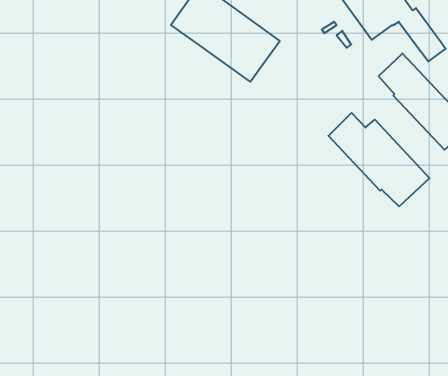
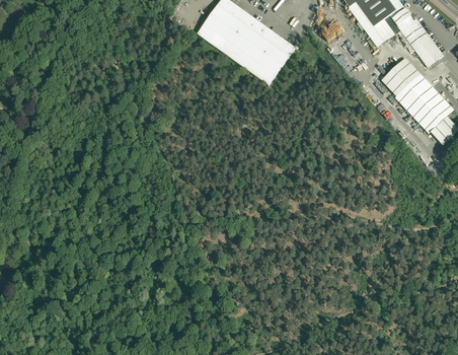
building: [328,113,430,206] -> none

